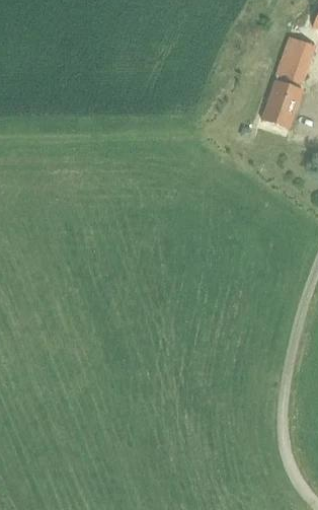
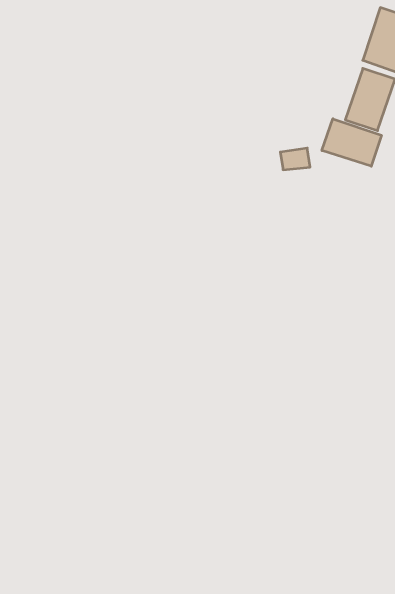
building: none -> [322,119,381,166]

